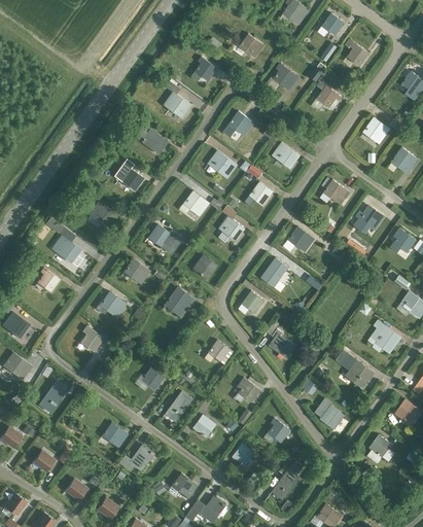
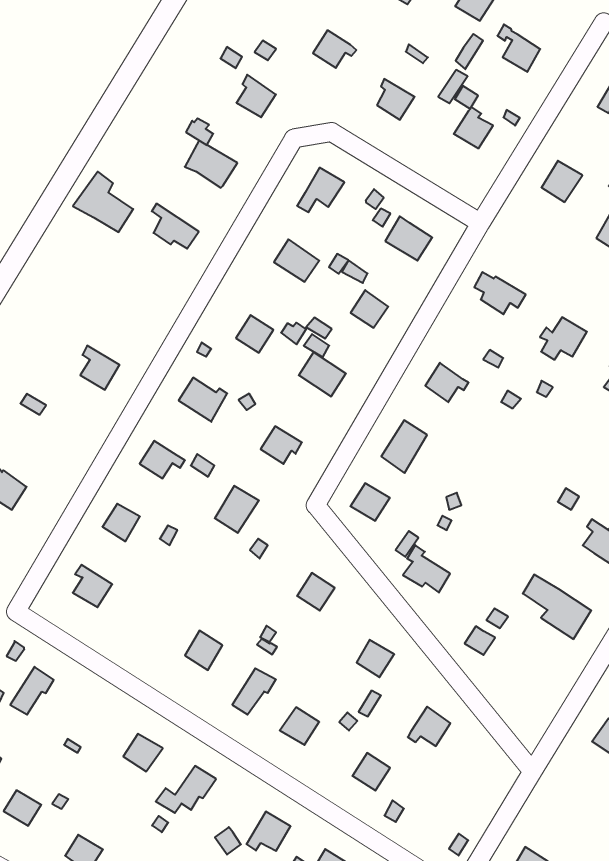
building: [111,156,145,191] -> [73,172,133,232]
building: [51,237,81,264] -> none
building: [315,399,344,429] -> none
building: [273,466,308,496] -> none

